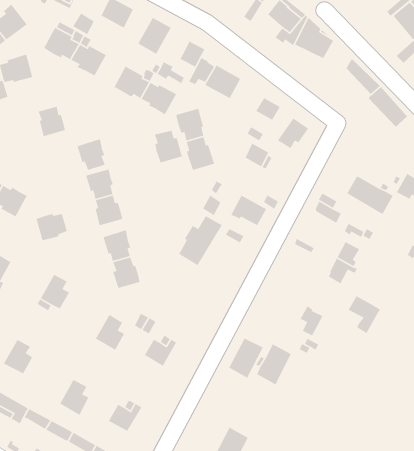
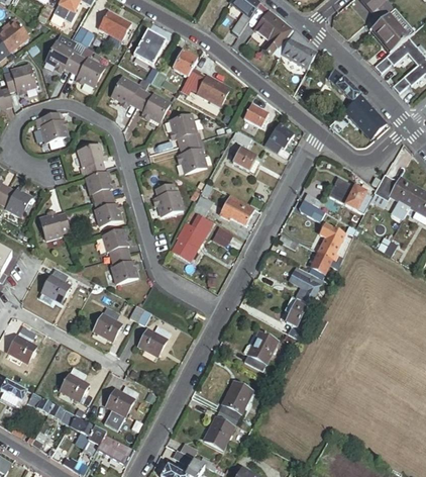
building: [154,130,183,164] -> [154,183,182,214]
building: [347,295,381,334] -> [291,266,322,302]
building: [228,338,264,379] -> [218,383,251,421]

